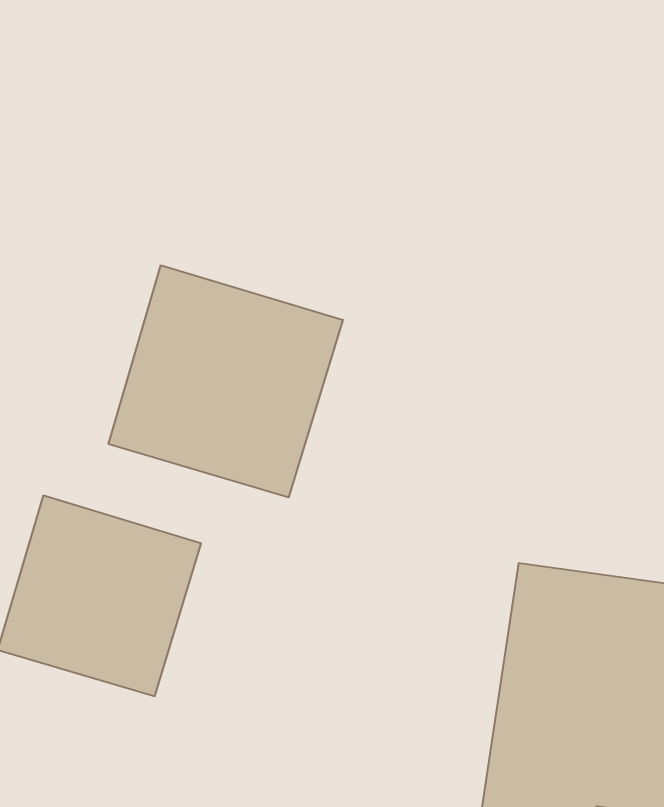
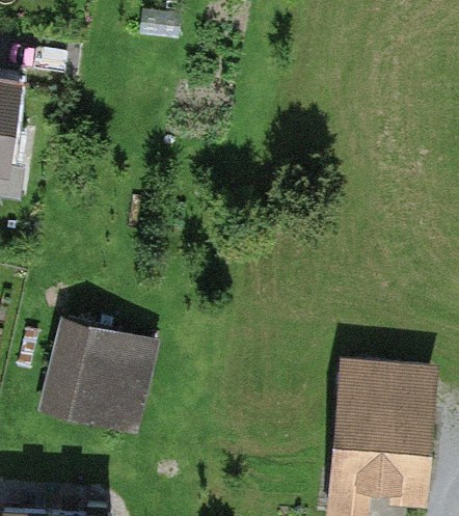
building: [108,265,343,497] -> none

